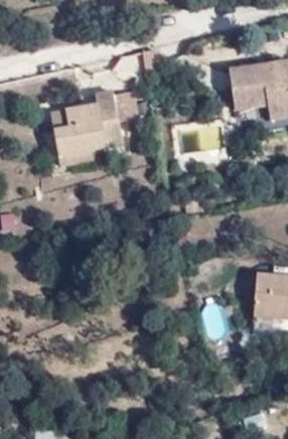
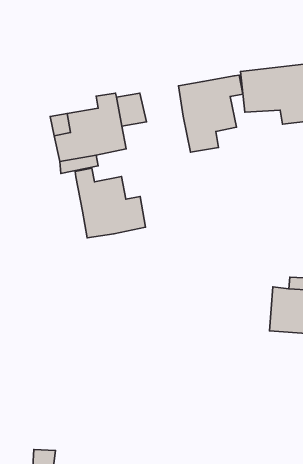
building: none -> [179,75,243,152]
building: none -> [75,168,145,238]

